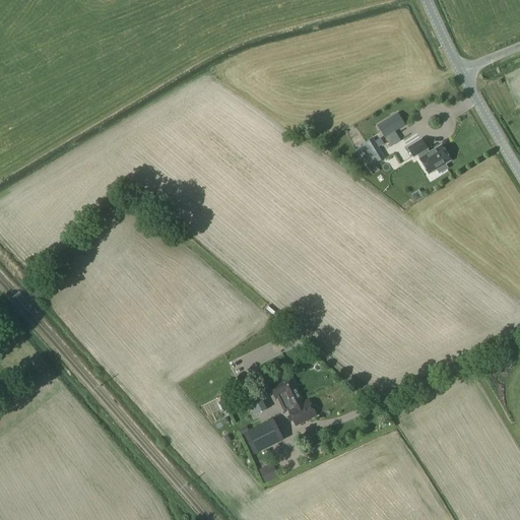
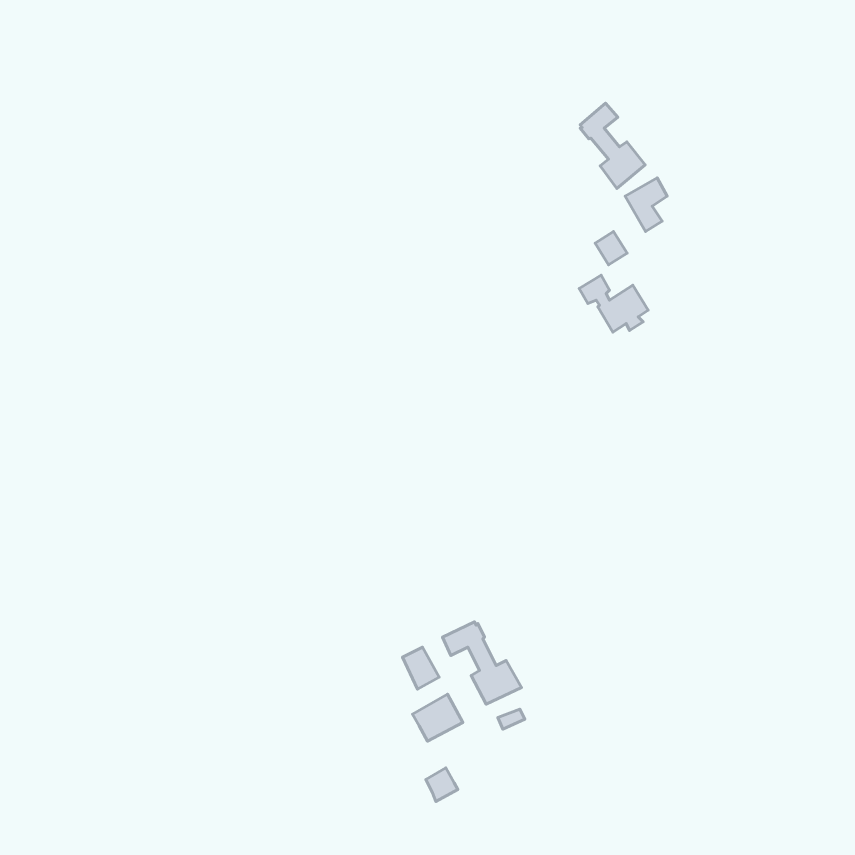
building: none -> [580,103,645,189]
building: [407,140,449,175] -> [579,275,648,332]

